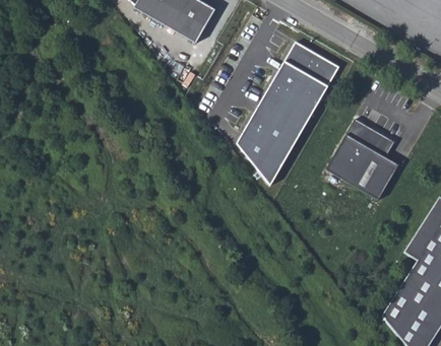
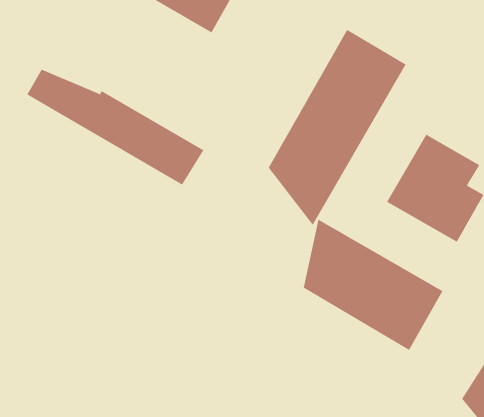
building: none -> [26,69,204,185]
building: none -> [303,219,443,351]

